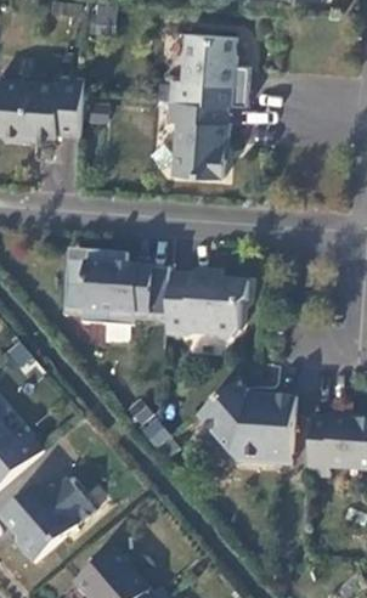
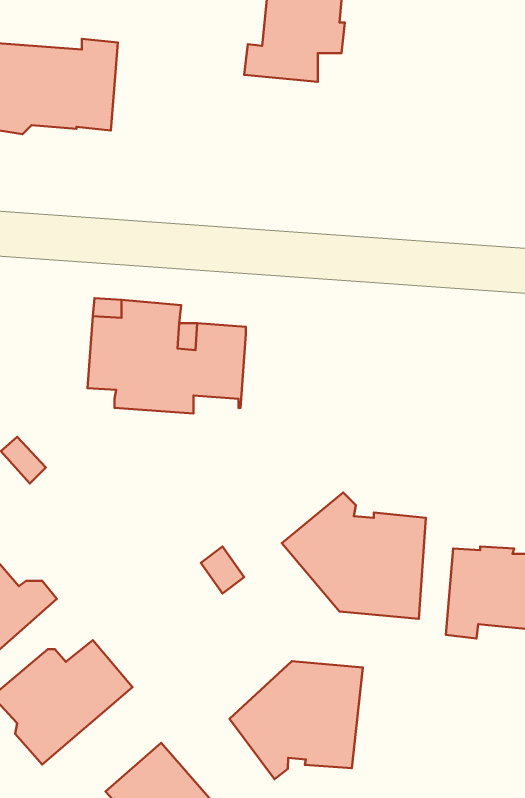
building: [166,96,228,174] -> none
building: [166,267,248,337] -> none
building: none -> [229,661,363,779]

